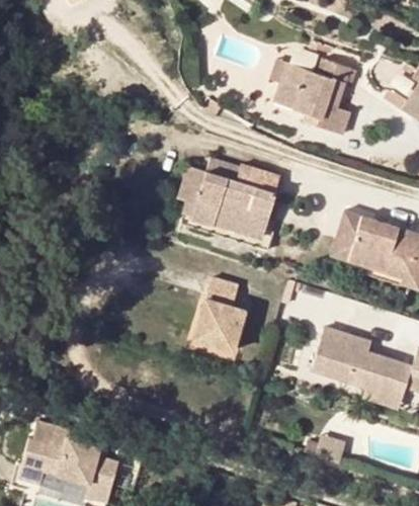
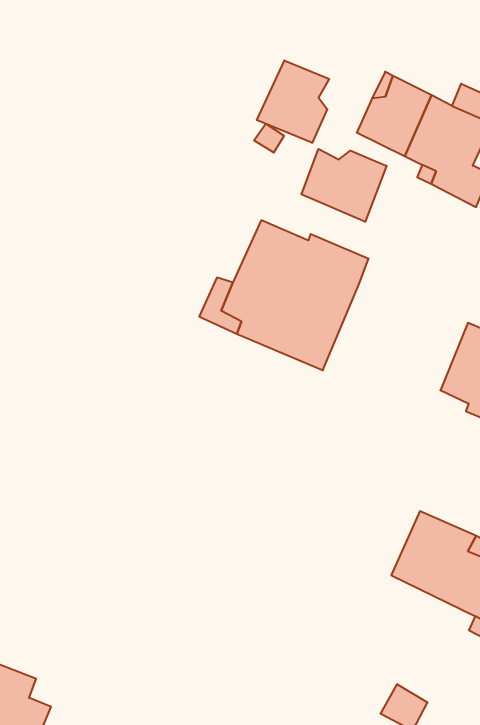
building: none -> [257,60,329,143]
building: none -> [301,149,387,222]
building: [198,275,250,347] -> none

